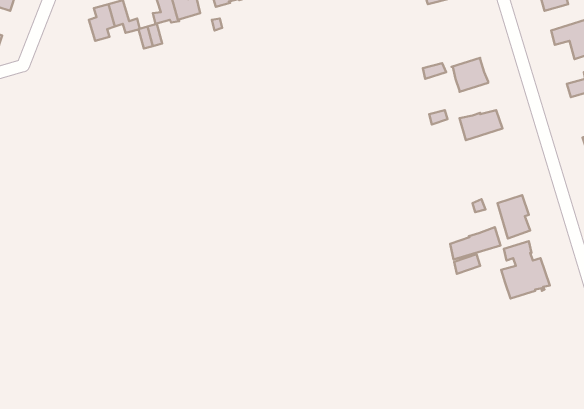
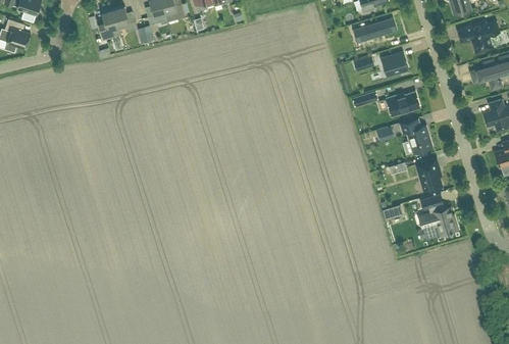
building: none -> [353,16,397,43]
building: none -> [401,119,432,153]
building: [450,227,501,260] -> none

